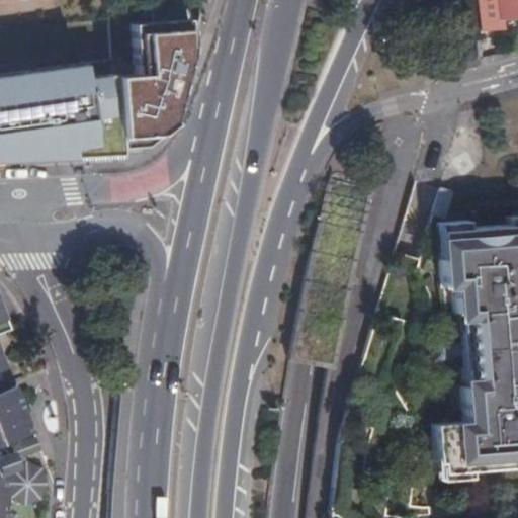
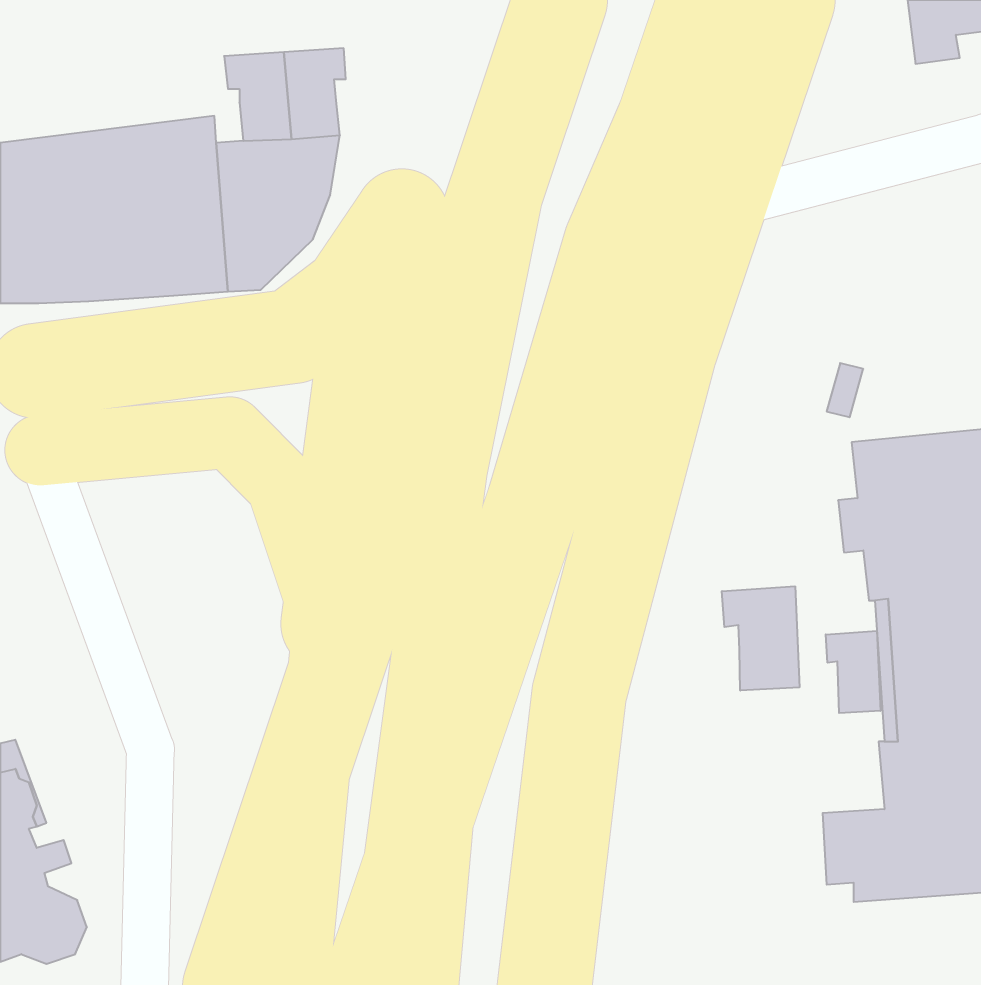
building: none -> [722,586,799,691]
building: none -> [826,631,880,713]

